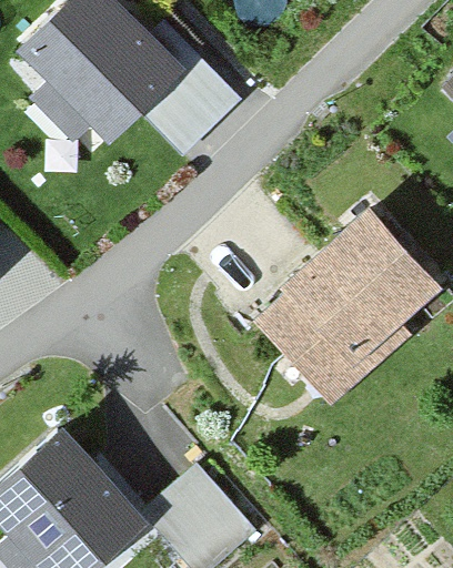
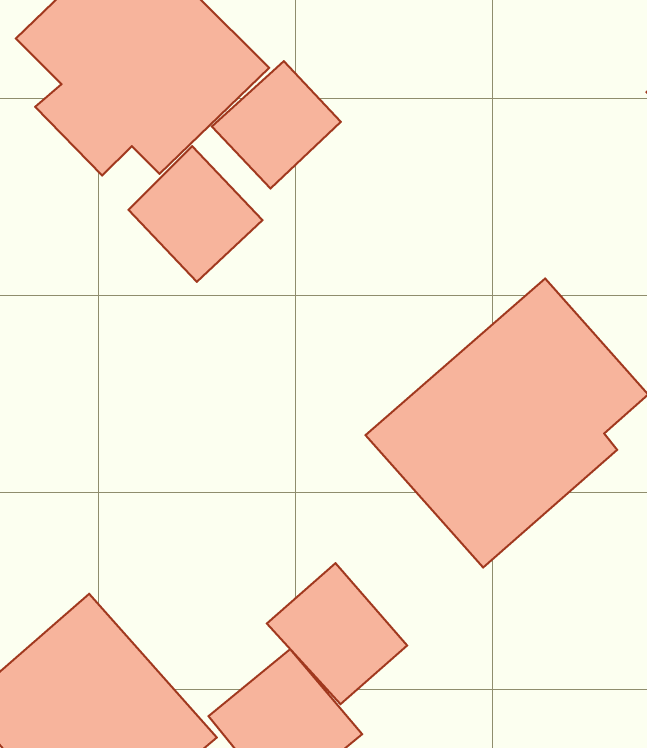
building: none -> [128,146,263,282]
building: none -> [267,563,407,704]

